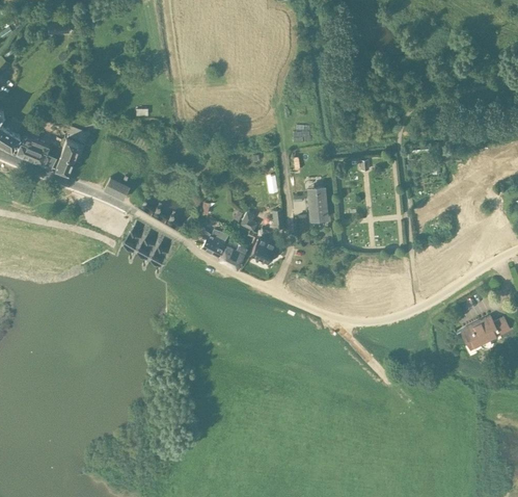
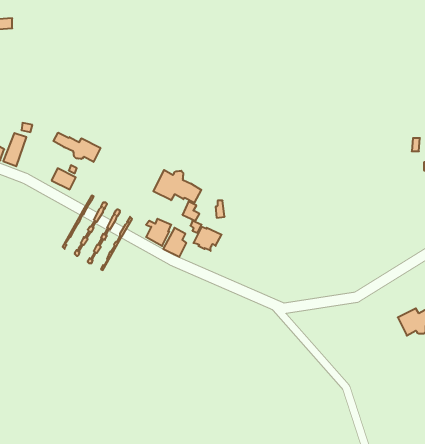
building: none -> [53,133,100,162]
building: none -> [153,170,201,203]
building: [308,191,326,218] -> none

